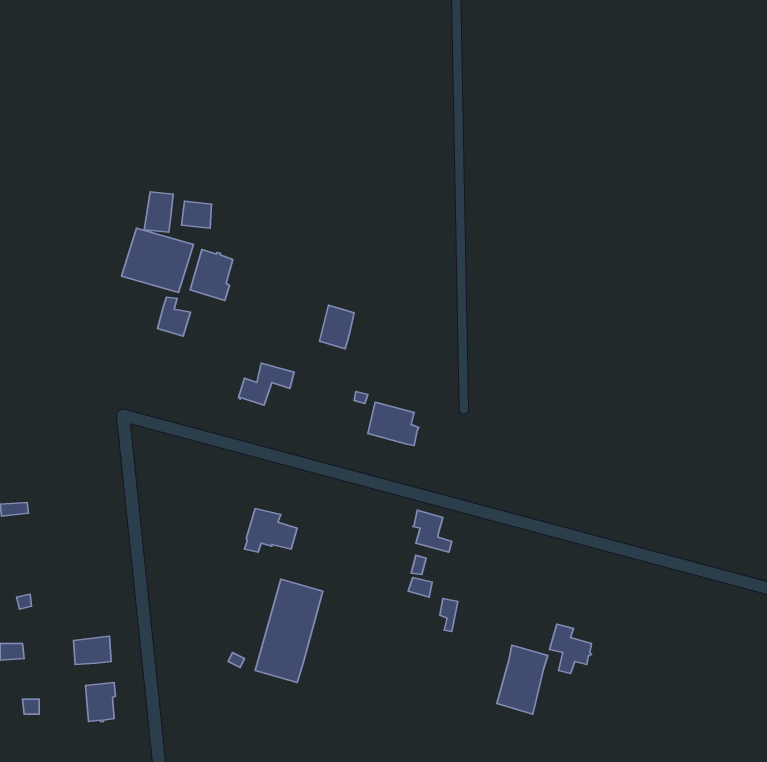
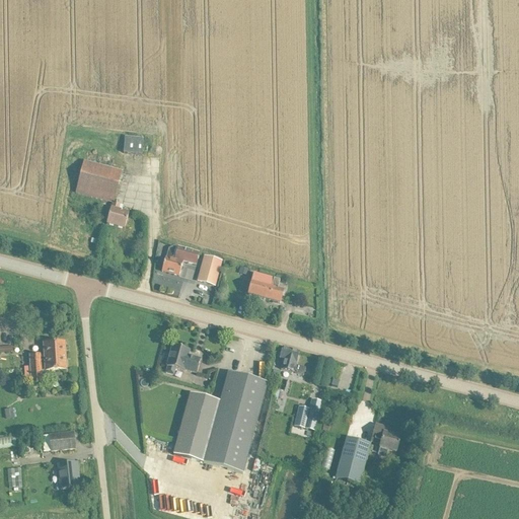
building: [144,192,173,232] -> none
building: [190,249,233,301] -> none
building: [319,305,354,349] -> [198,254,221,284]
building: none -> [24,338,66,382]
building: none -> [203,370,268,471]

